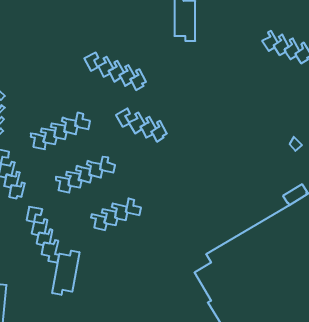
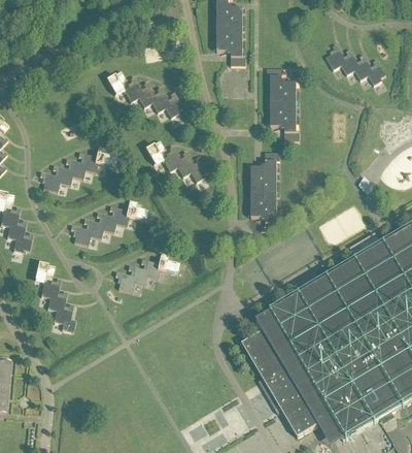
building: none -> [266,68,299,141]
building: none -> [250,152,279,231]
building: [52,251,79,295] -> none

